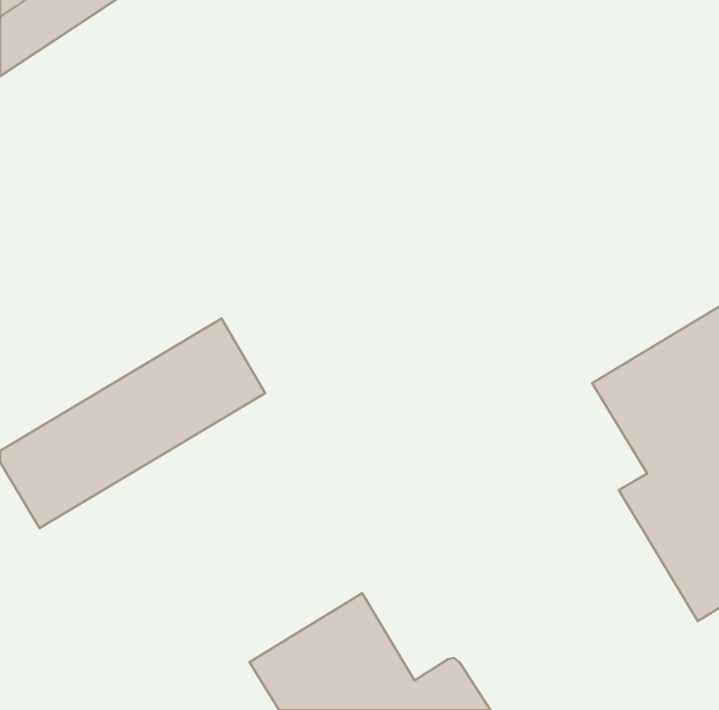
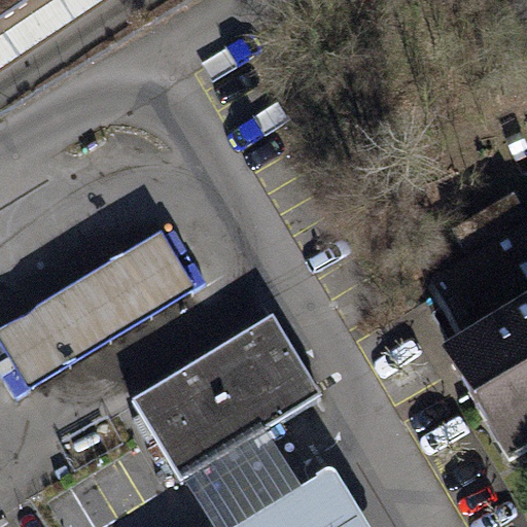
building: none -> [133,315,325,484]

